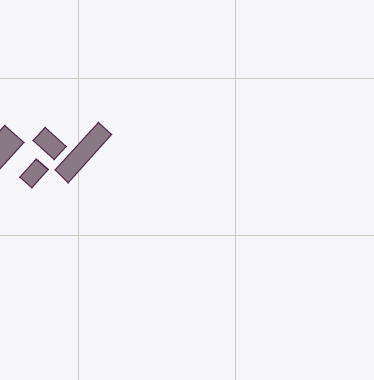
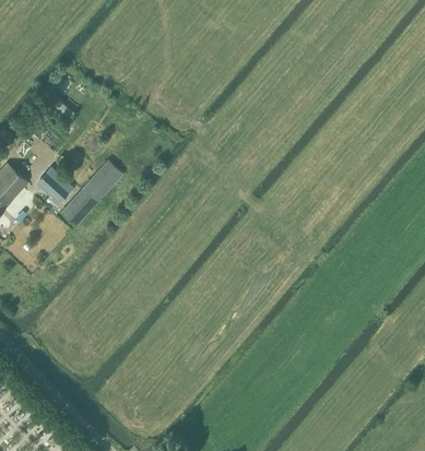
building: [20,159,48,188] -> none

